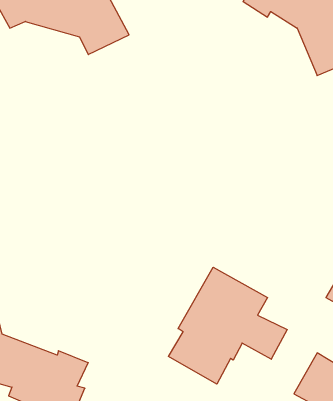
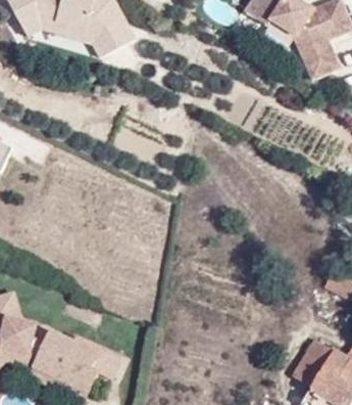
building: [168,267,287,384] -> none

